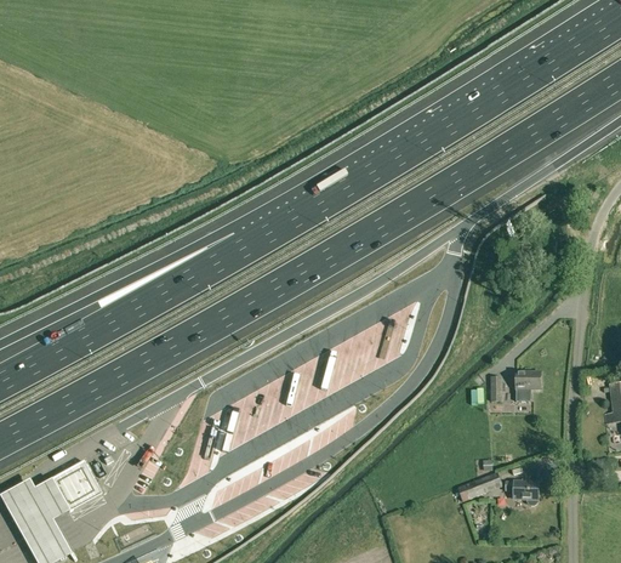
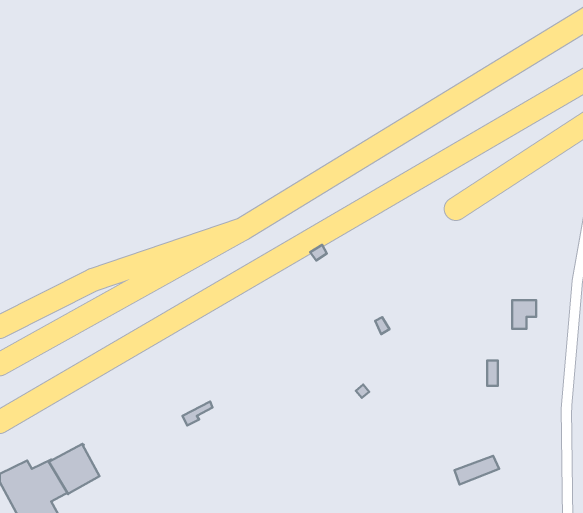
building: [517,371,541,400] -> [512,300,536,329]
building: [506,480,541,505] -> none

